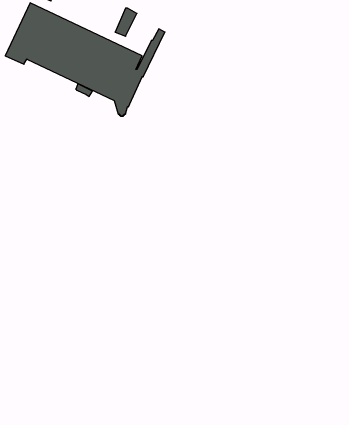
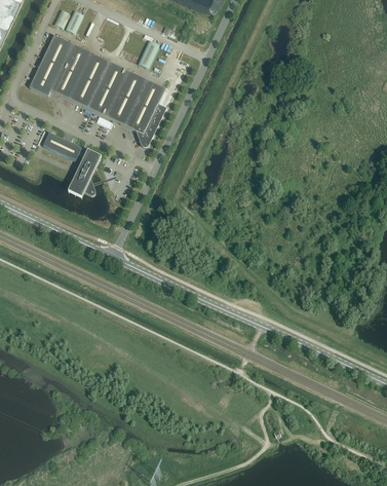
building: none -> [42,132,99,196]

